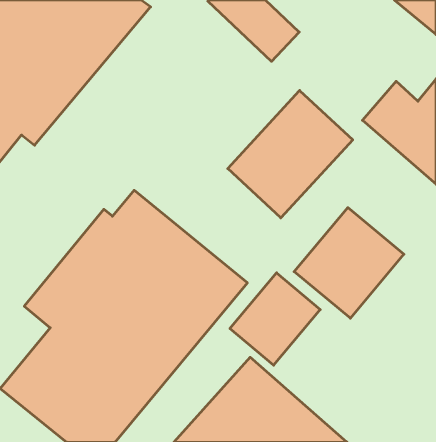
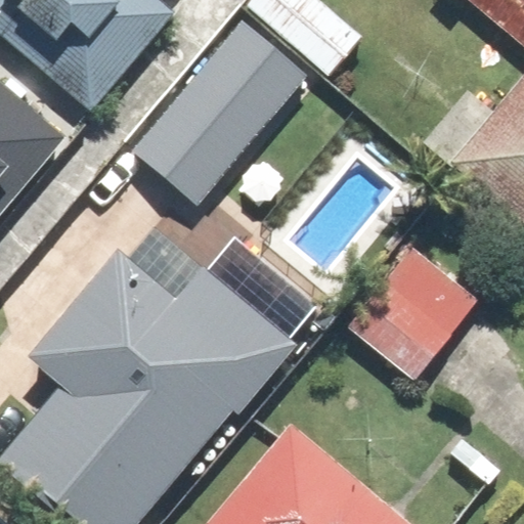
building: none -> [131,17,312,203]
building: [228,90,353,218] -> none
building: [230,273,320,365] -> none

